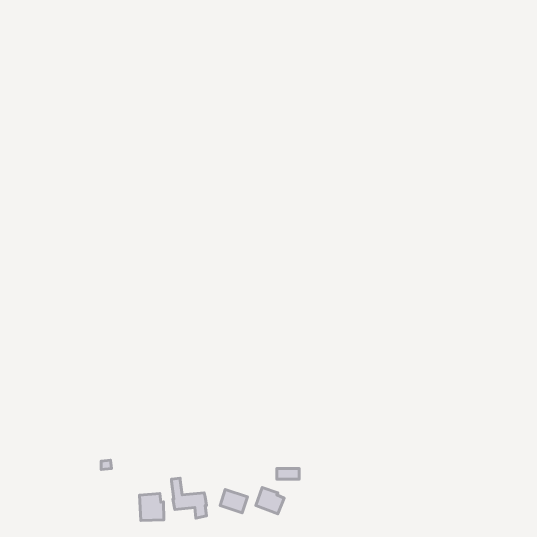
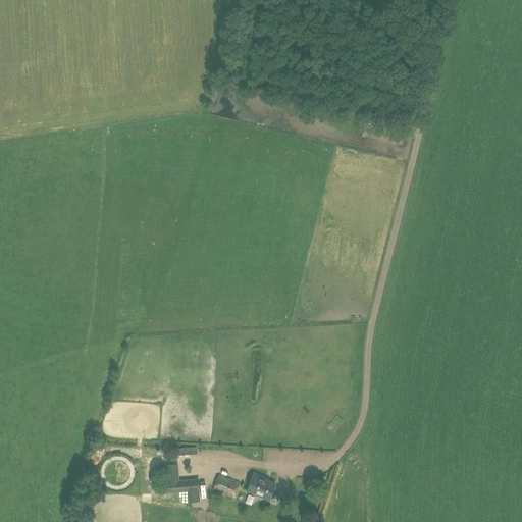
building: [139,494,164,521] -> none

